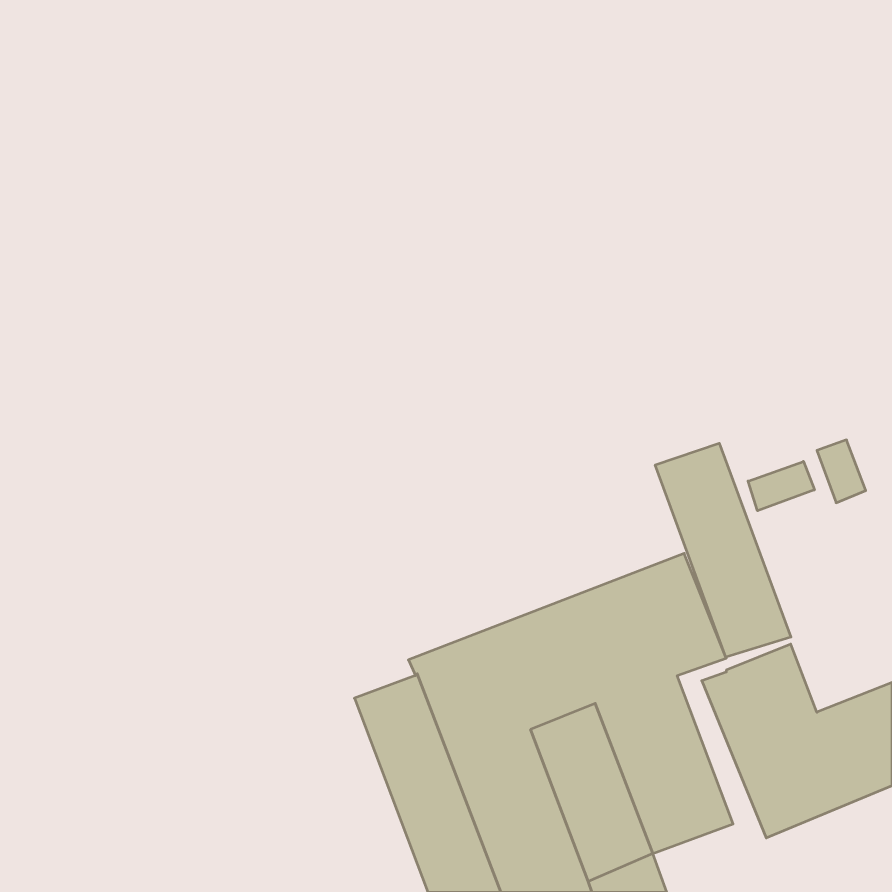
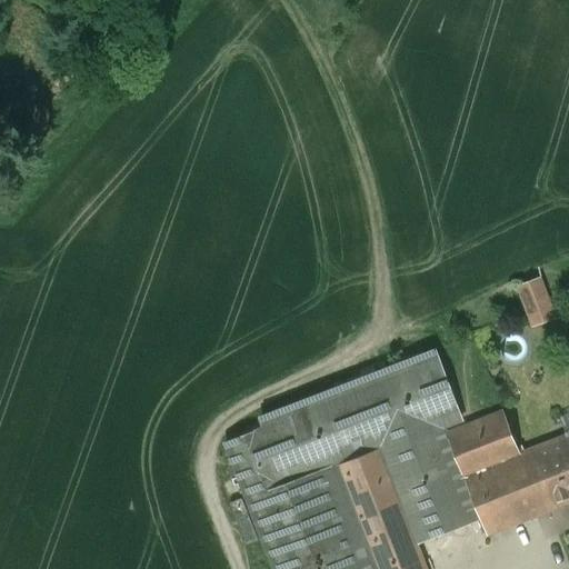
building: [655,443,791,657] -> none
building: [748,461,814,511] -> none

